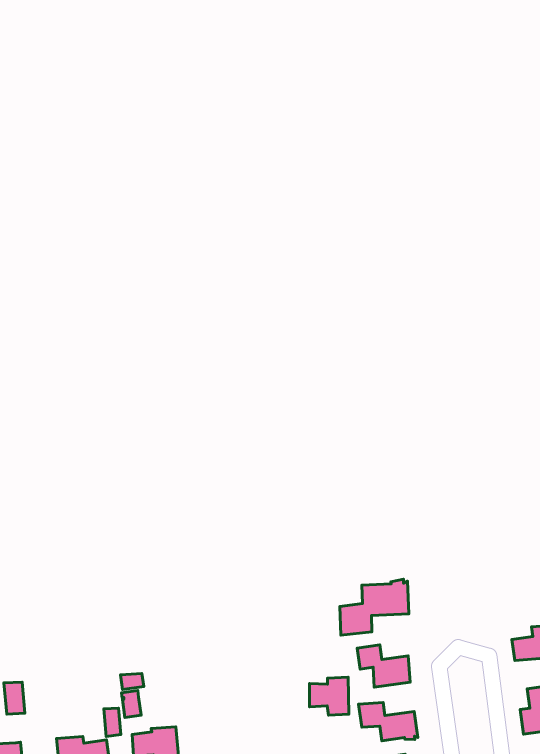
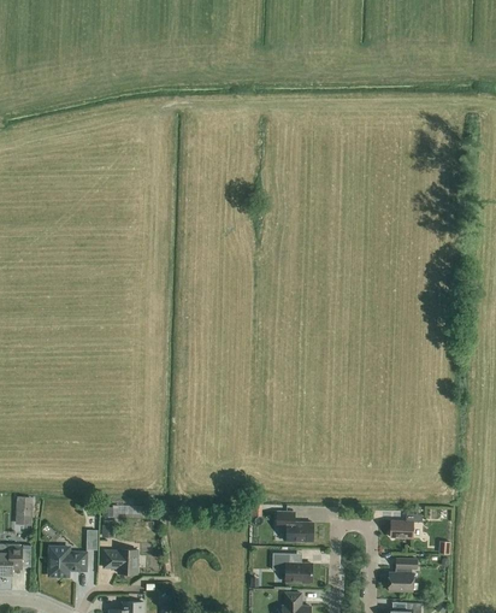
building: [340,579,409,635] -> none
building: [309,677,349,715] -> none

